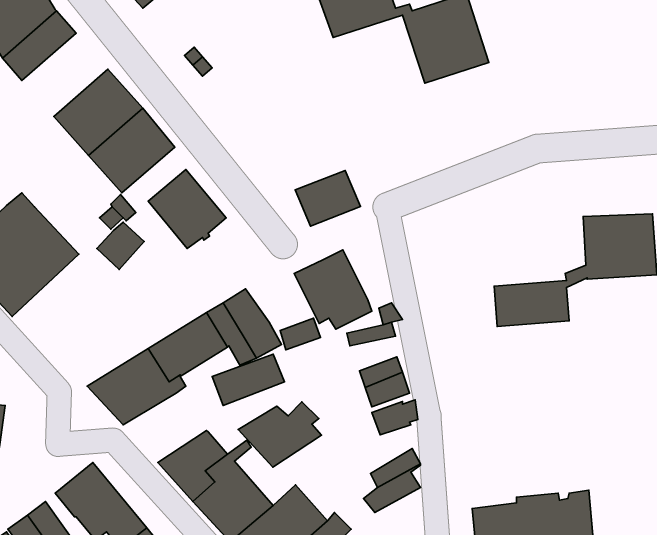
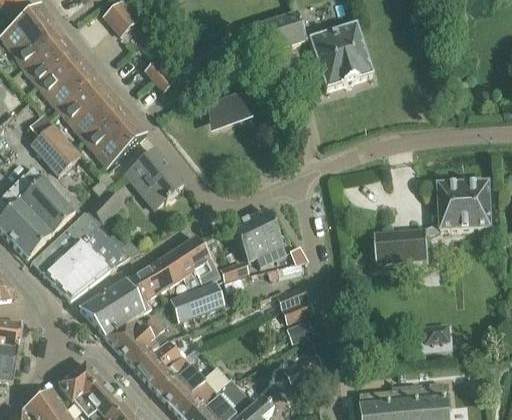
building: none -> [34,52,96,112]
building: none -> [30,114,79,174]
building: [295,170,361,226] -> [200,90,247,130]
building: none -> [32,212,141,299]
building: [238,402,321,467] -> [107,314,167,361]

